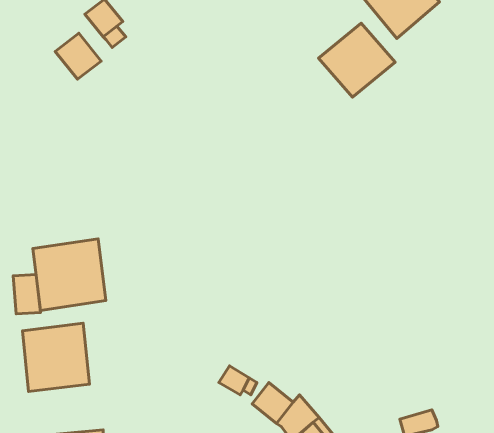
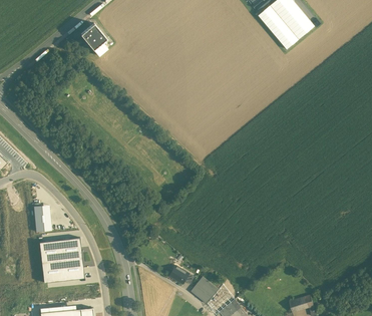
building: [319,23,395,97] -> none
building: [55,33,101,79] -> none
building: [33,239,106,310] -> none

